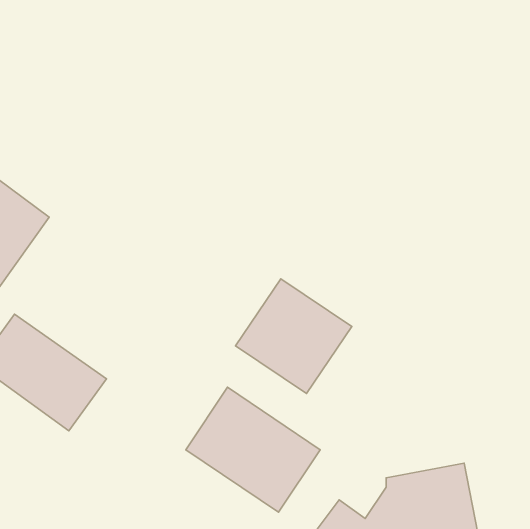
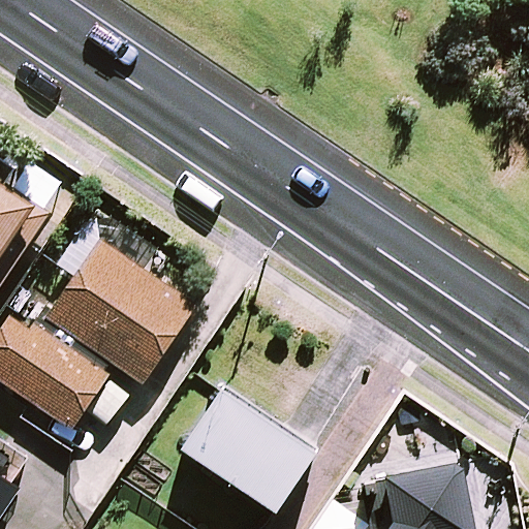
building: none -> [48,229,192,382]
building: [235,279,352,394] -> none

